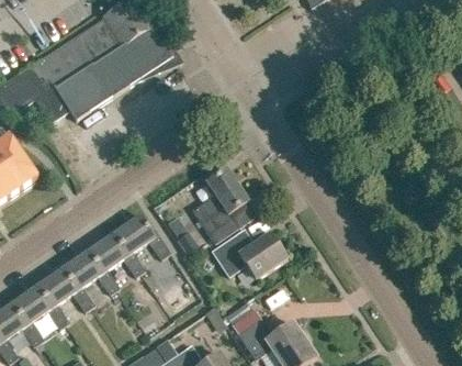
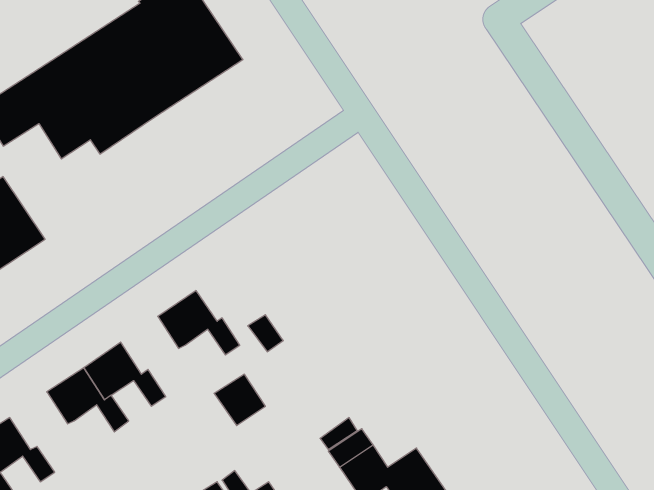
building: [192,167,248,242] -> none
building: [90,231,146,275] -> none
building: [212,232,288,278] -> none
building: [14,282,70,326] -> none

